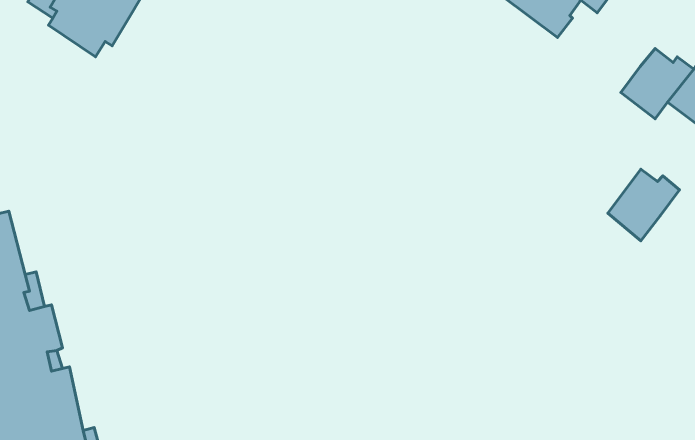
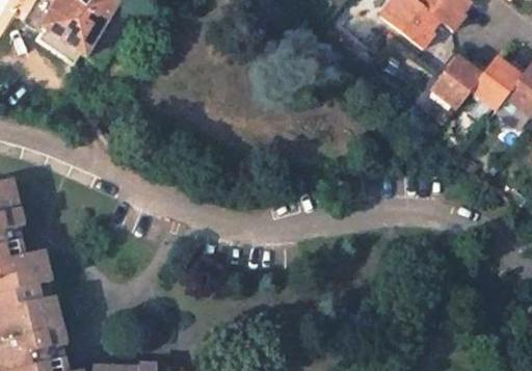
building: [608,169,679,241] -> [430,54,484,108]

